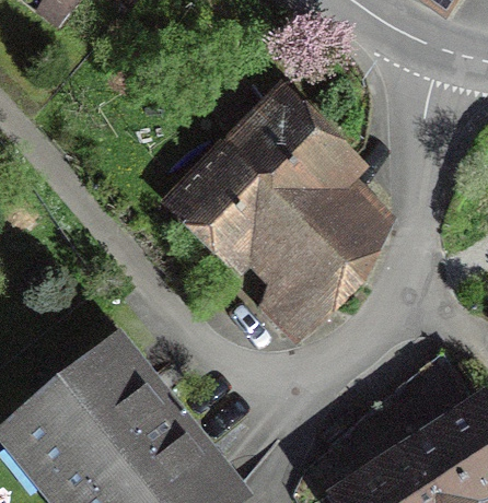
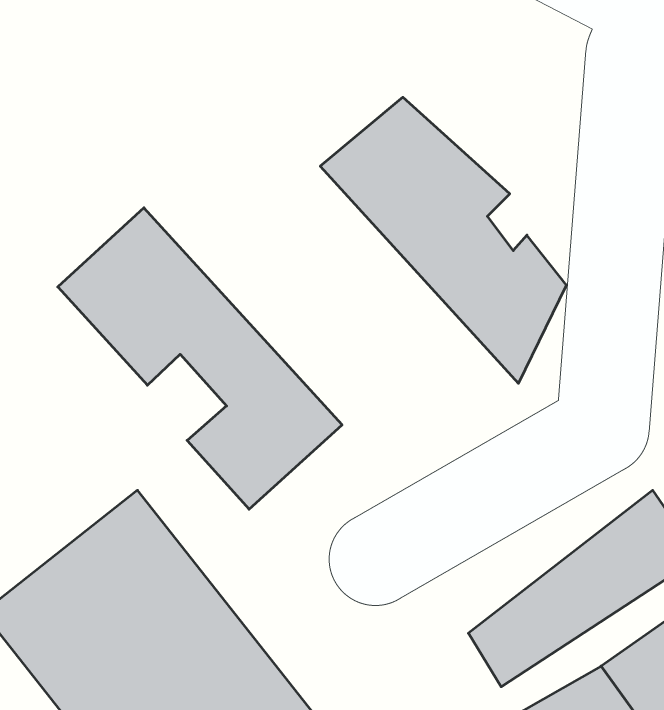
building: [176,150,357,341] -> [58,208,342,509]

